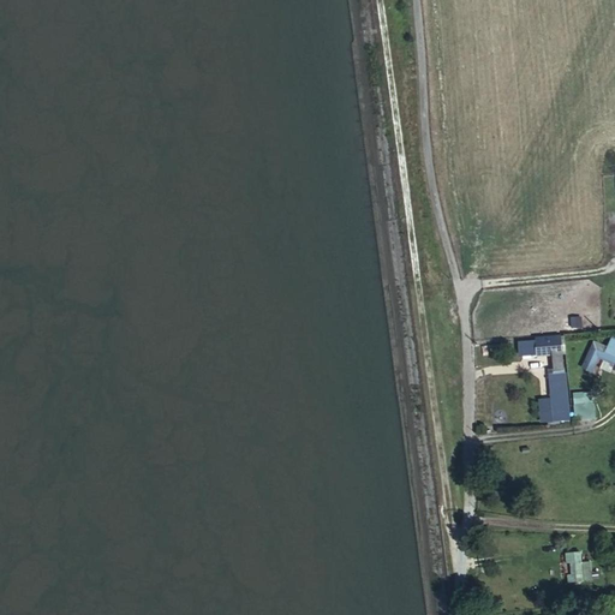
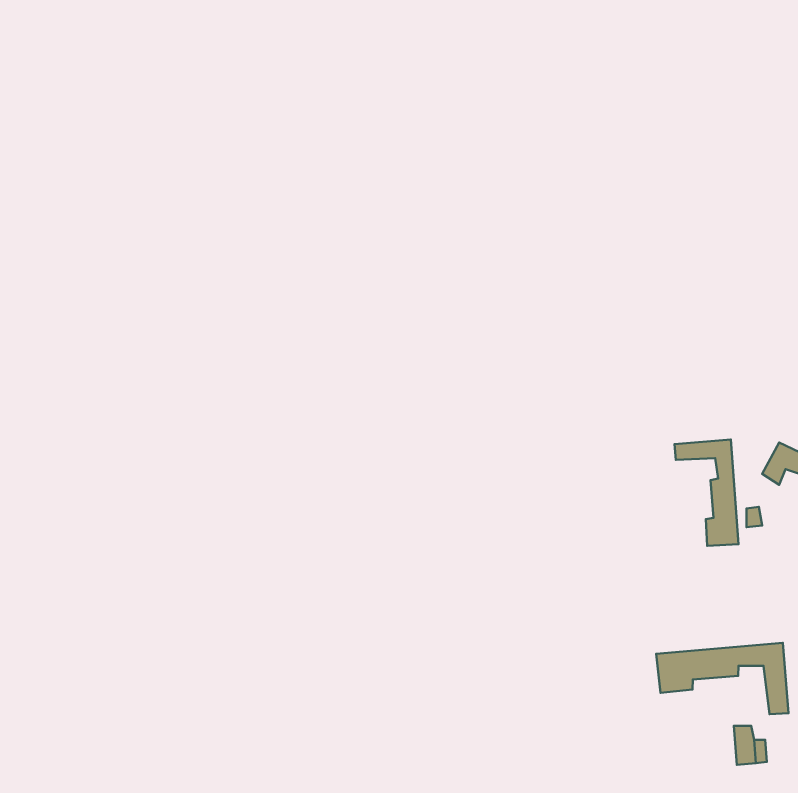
building: none -> [656,643,789,714]

